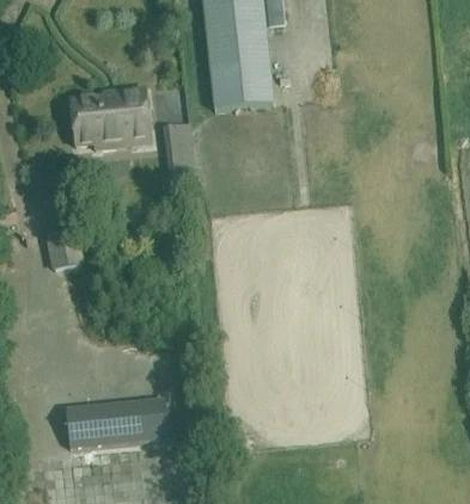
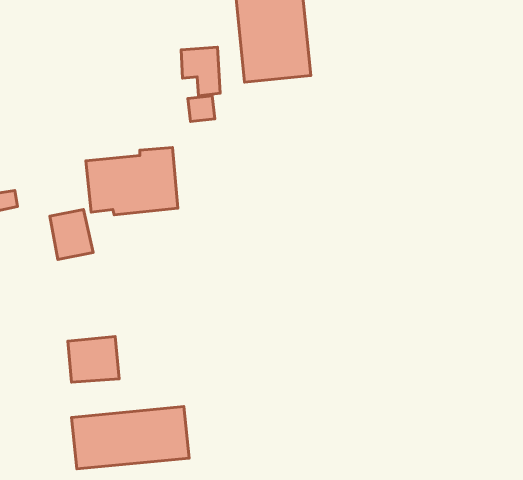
building: [68,88,149,148] -> [86,147,178,215]
building: none -> [68,336,119,382]

